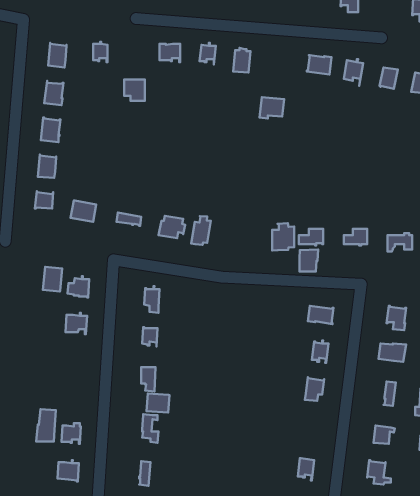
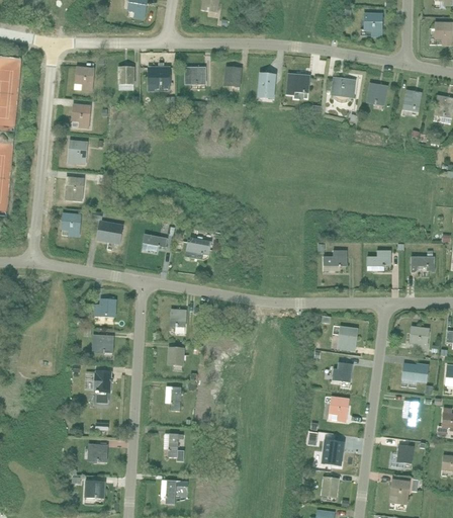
building: [124,79,145,101] -> [149,67,169,88]
building: [260,97,284,119] -> [285,73,309,94]
building: [191,216,211,245] -> none
building: [272,223,294,250] -> none
building: [299,249,318,271] -> none
building: [43,267,62,292] -> none
building: none -> [93,370,111,402]
building: [147,394,170,413] -> none
building: [36,409,56,442] -> none
building: none -> [323,439,343,465]

